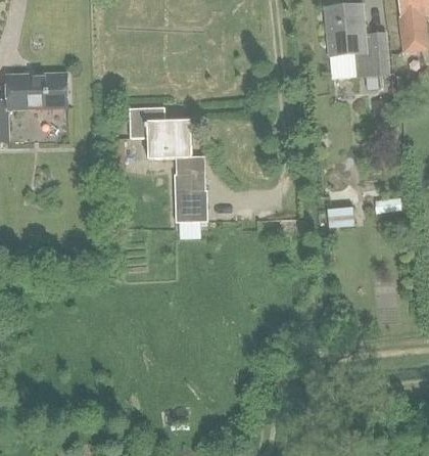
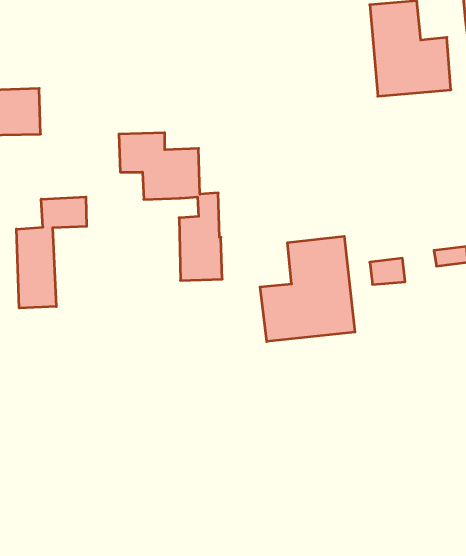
building: none -> [16,197,87,308]
building: none -> [260,236,355,342]

